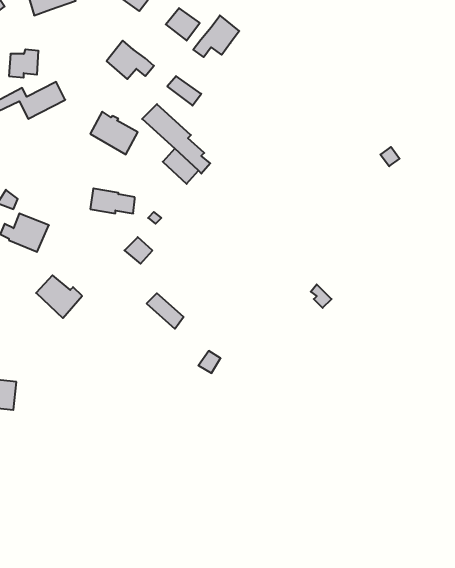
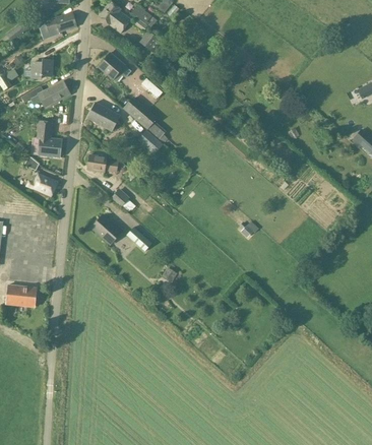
building: [193,15,239,57] -> none
building: none -> [37,121,62,156]
building: [36,275,82,318] -> [91,214,123,244]

